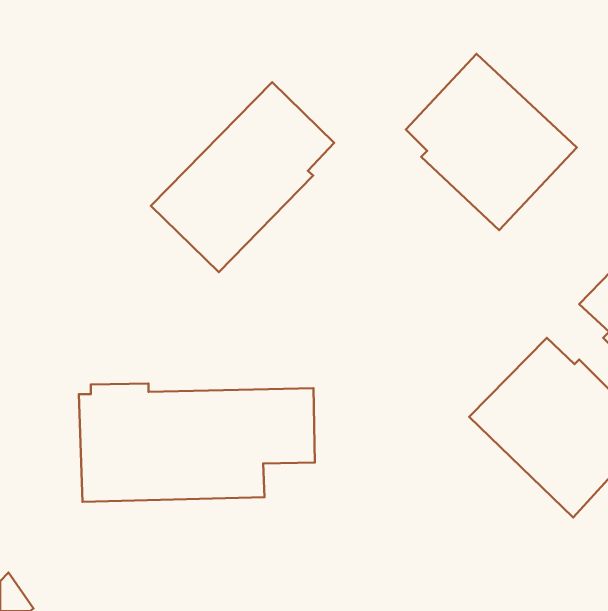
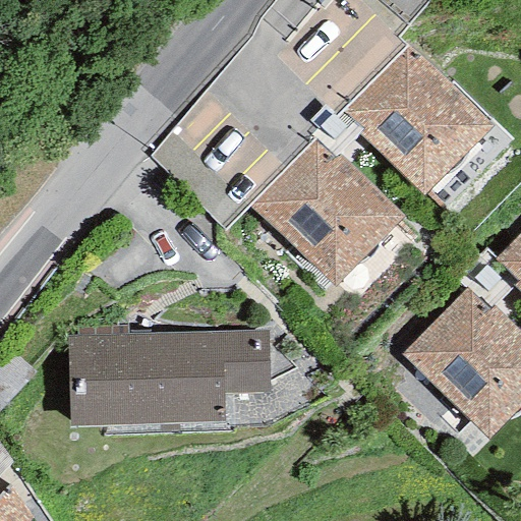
building: [151,82,334,272] -> none
building: none -> [252,139,405,287]

